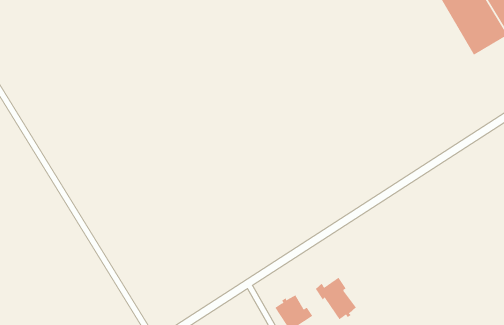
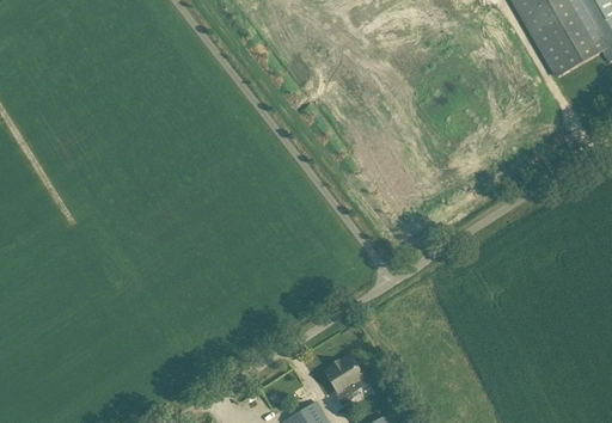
building: [315,277,356,320] -> none

